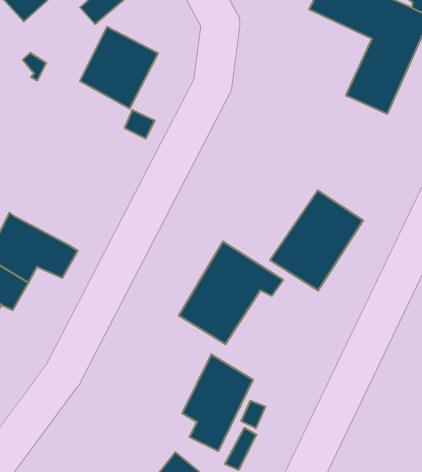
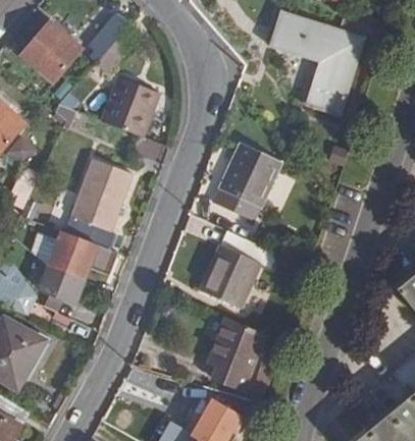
building: none -> [63,159,132,250]
building: [270,191,363,290] -> [212,145,279,221]

